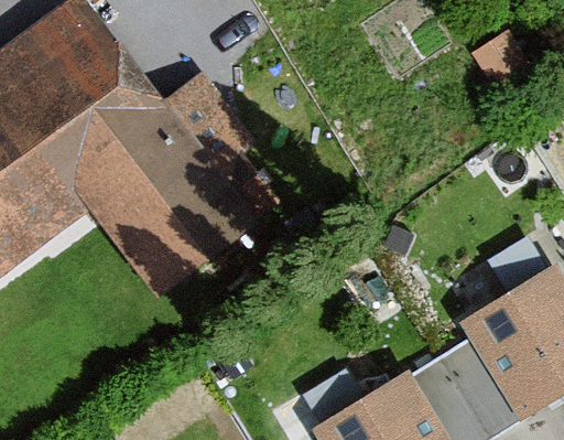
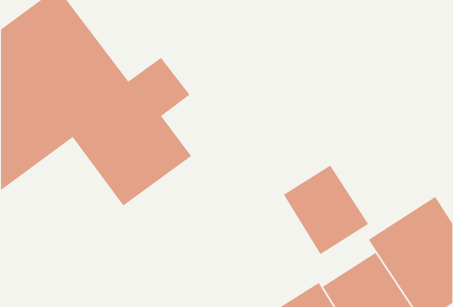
building: none -> [283,165,369,255]

